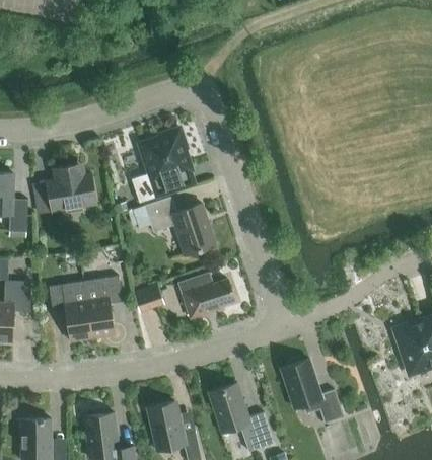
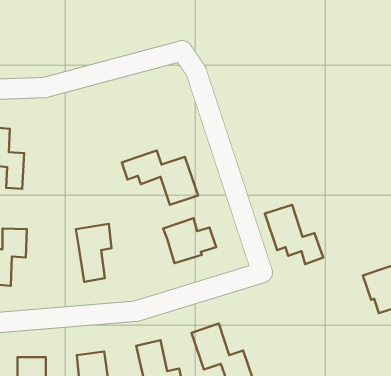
building: [132,129,195,202] -> none
building: [38,163,96,212] -> none
building: [49,281,92,340] -> none
building: [133,284,163,311] -> none
building: [280,359,343,423] -> [265,205,323,264]

